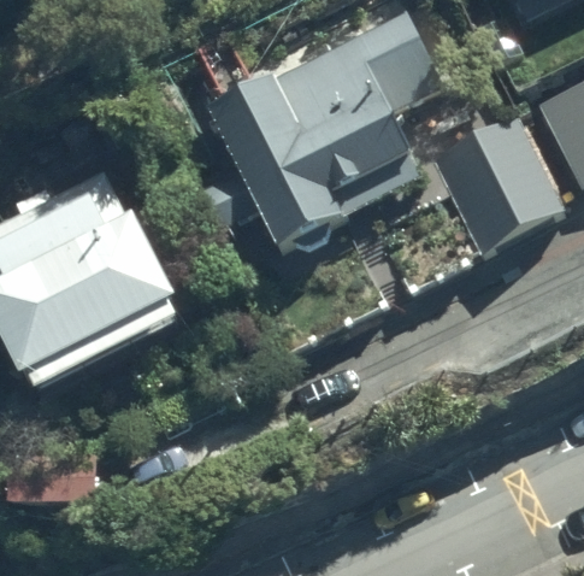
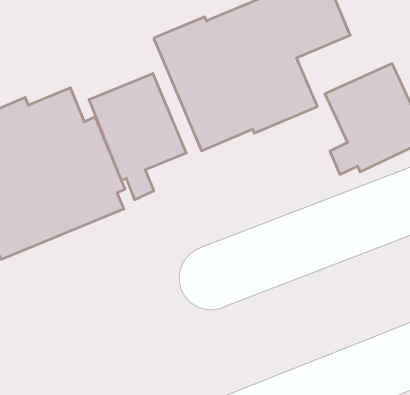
building: none -> [89,73,186,200]

